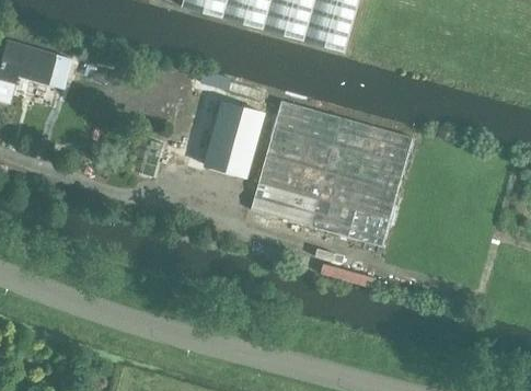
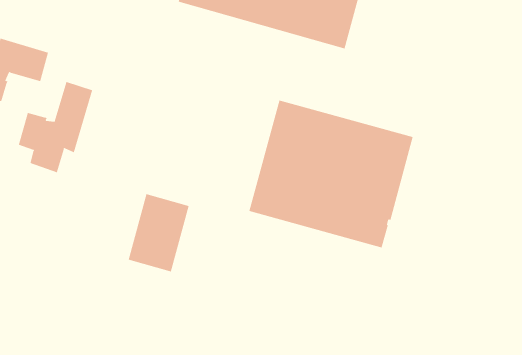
building: none -> [18,81,93,173]
building: [204,101,264,177] -> [128,194,190,272]

